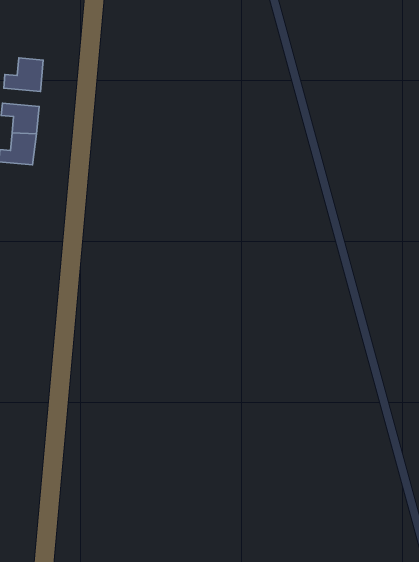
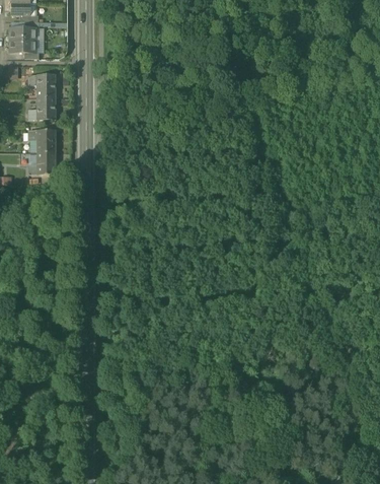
building: none -> [27,75,55,96]

